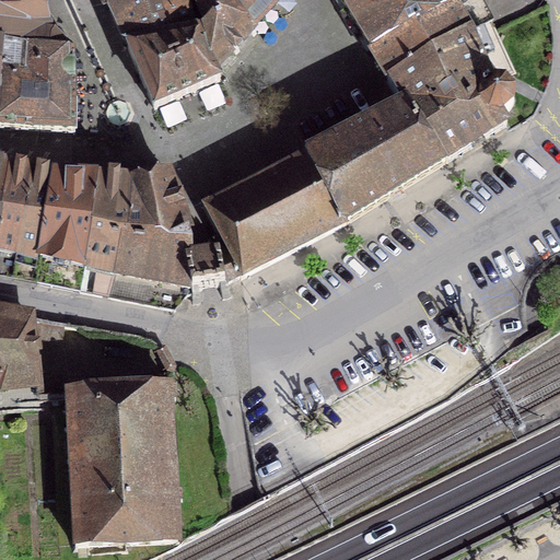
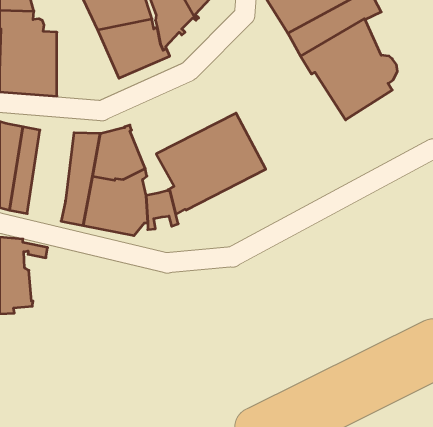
building: [304,93,445,218] -> none
building: [35,167,95,284] -> none
building: [66,376,180,539] -> none

